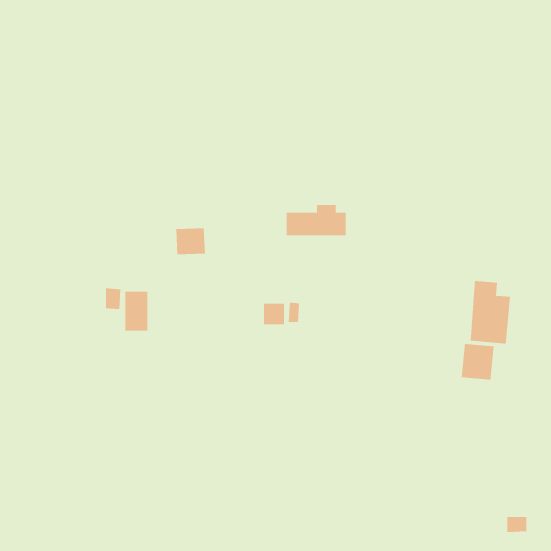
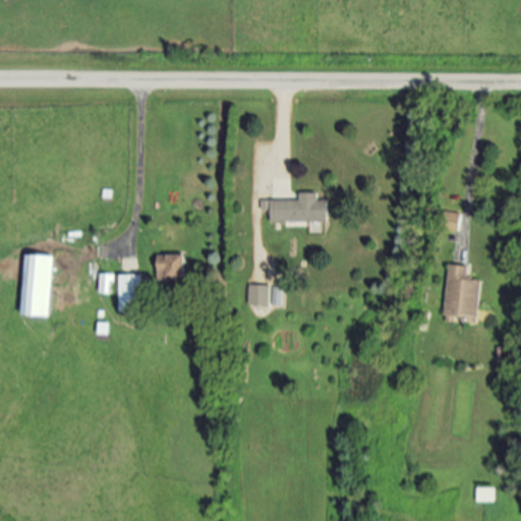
building: [175,228,206,255] -> [156,253,184,279]
building: none -> [19,254,51,316]
building: [461,343,494,380] -> none

